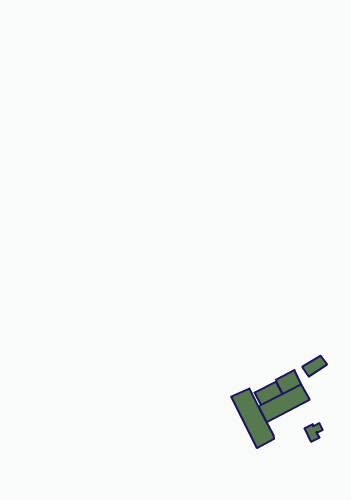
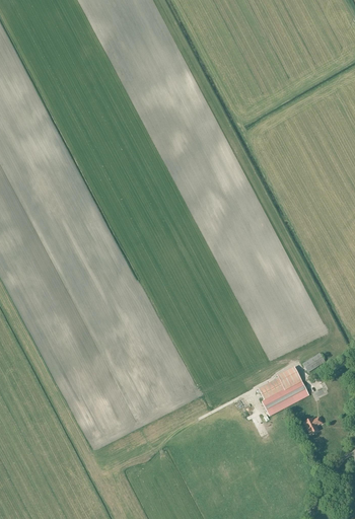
building: [231,388,274,448] -> none

